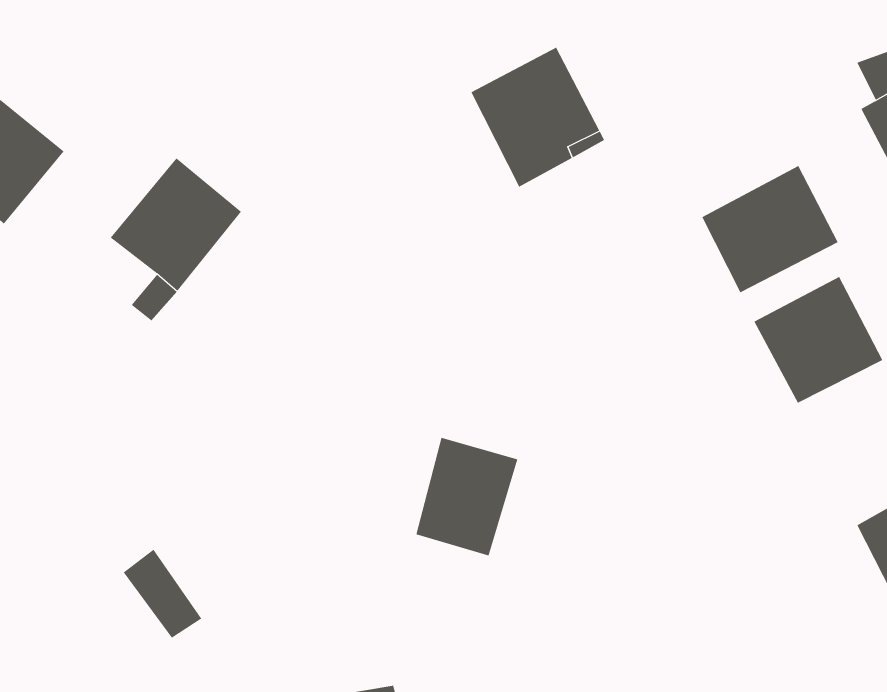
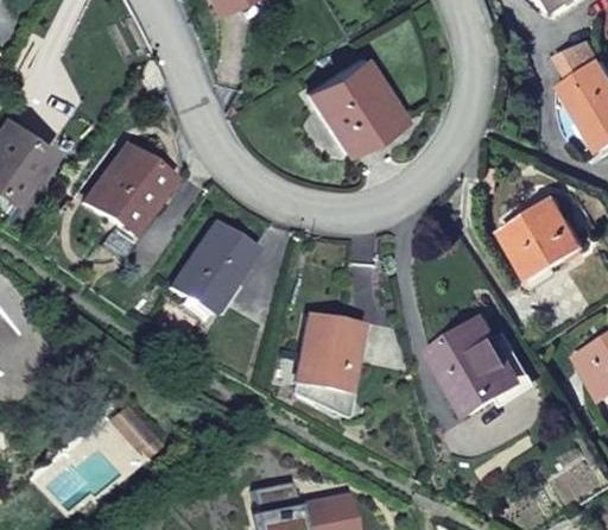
building: [701,165,839,293] -> none
building: none -> [170,225,253,315]
building: none -> [432,317,526,414]

